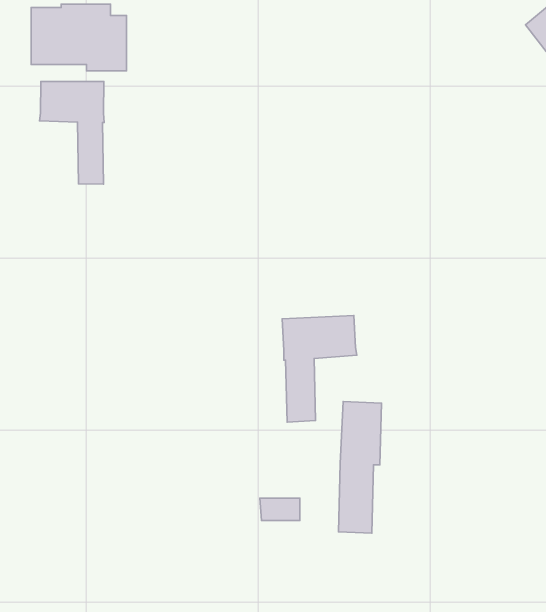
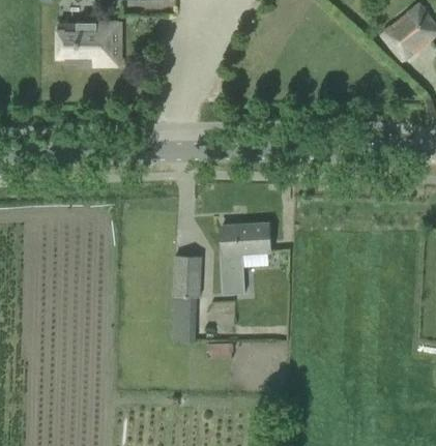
building: [39,81,104,184] -> none
building: [339,401,381,533] -> [173,256,201,341]

